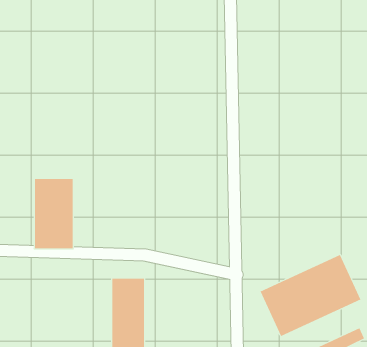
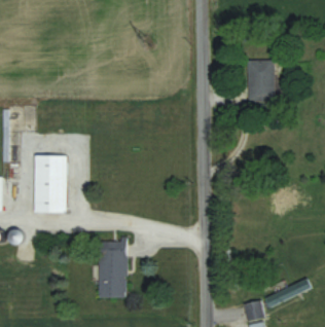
building: none -> [248,61,275,102]
building: [260,254,361,337] -> none

